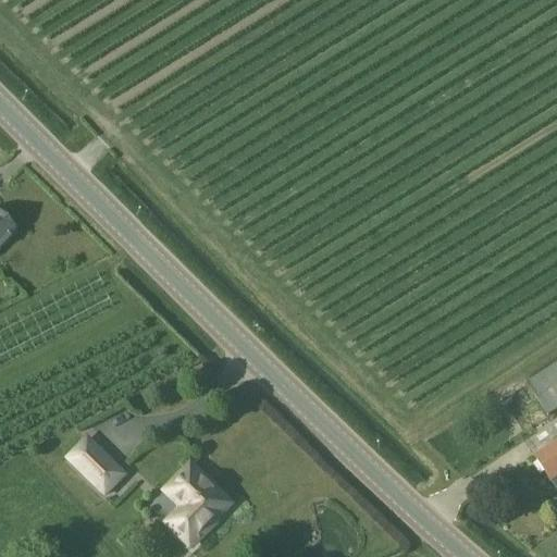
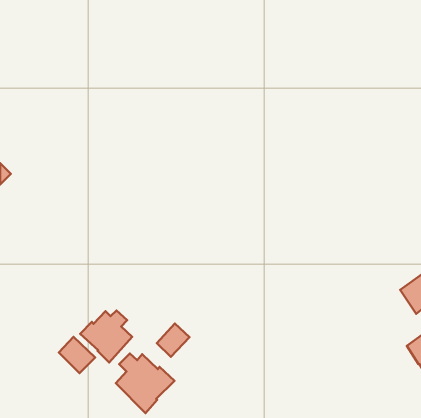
building: none -> [80,310,132,363]
building: none -> [157,324,190,357]

